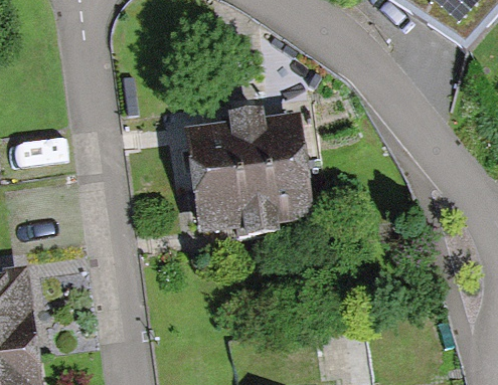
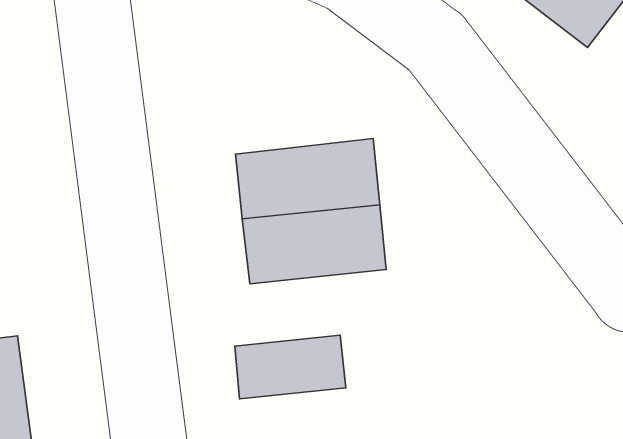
building: none -> [235,335,346,399]

